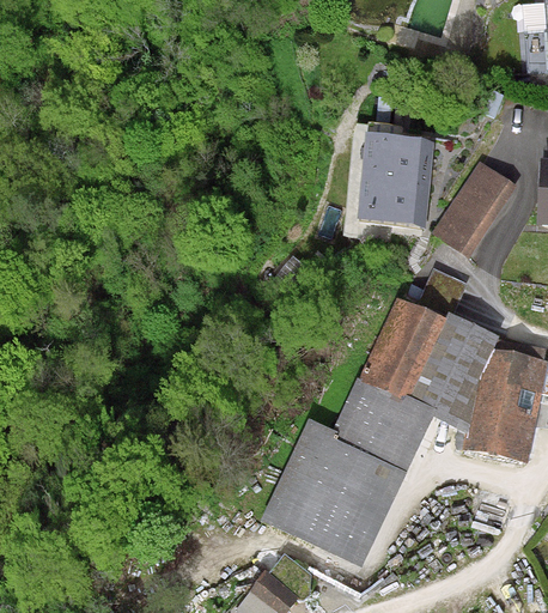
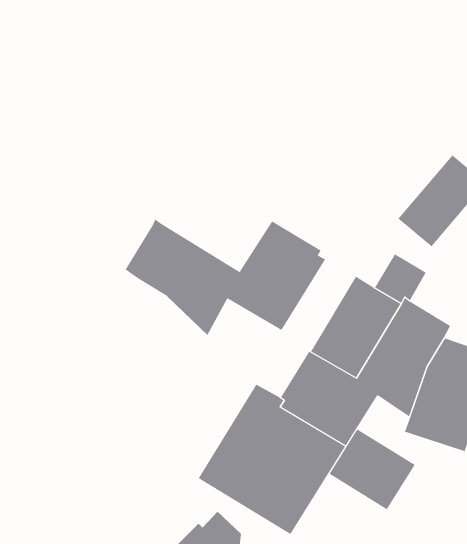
building: [358,131,436,225] -> none
building: none -> [125,218,326,336]
building: none -> [329,429,415,510]

